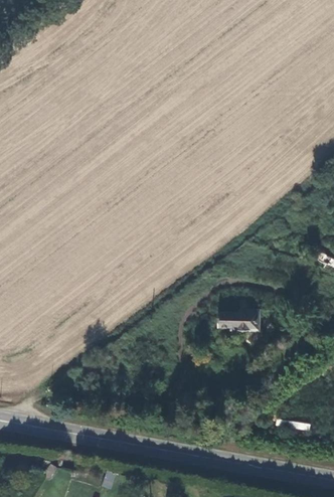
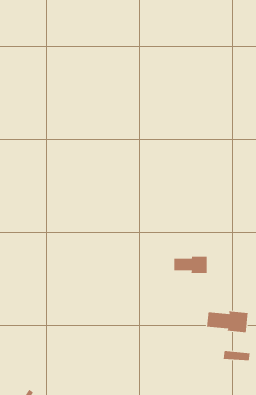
building: none -> [207,310,248,333]

